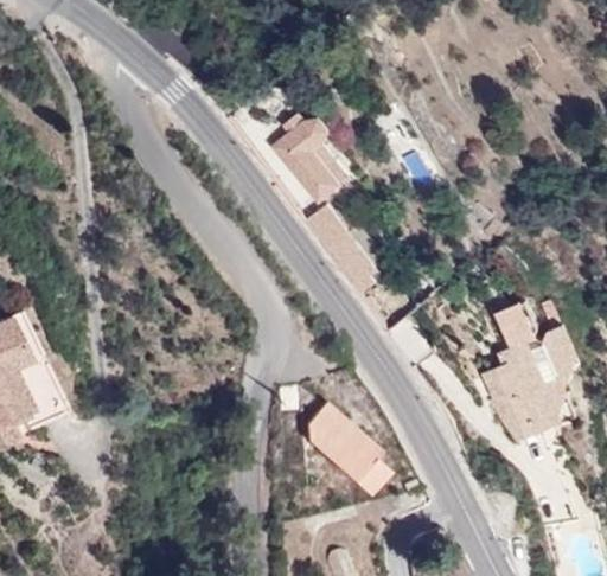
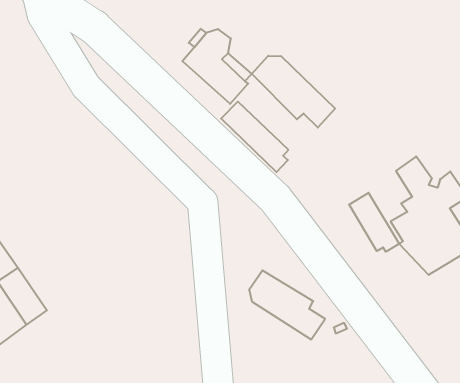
building: none -> [252,56,335,128]
building: none -> [349,193,399,252]

